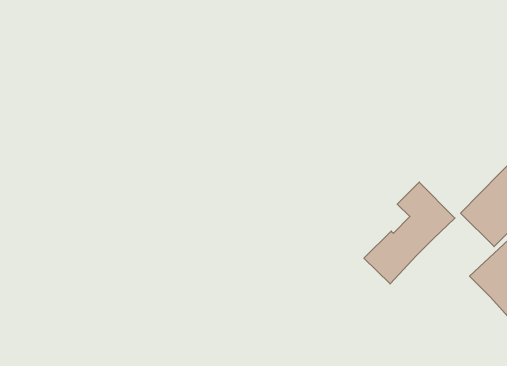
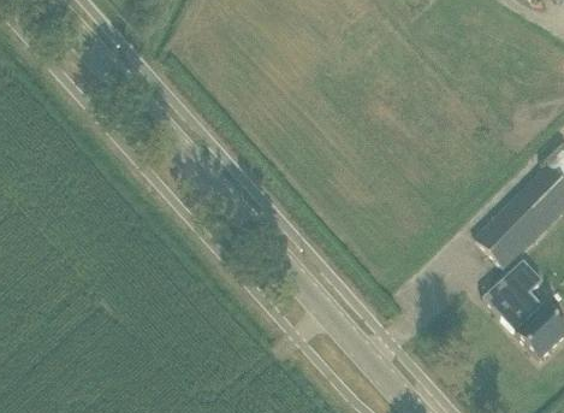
building: [364,182,455,284] -> none

